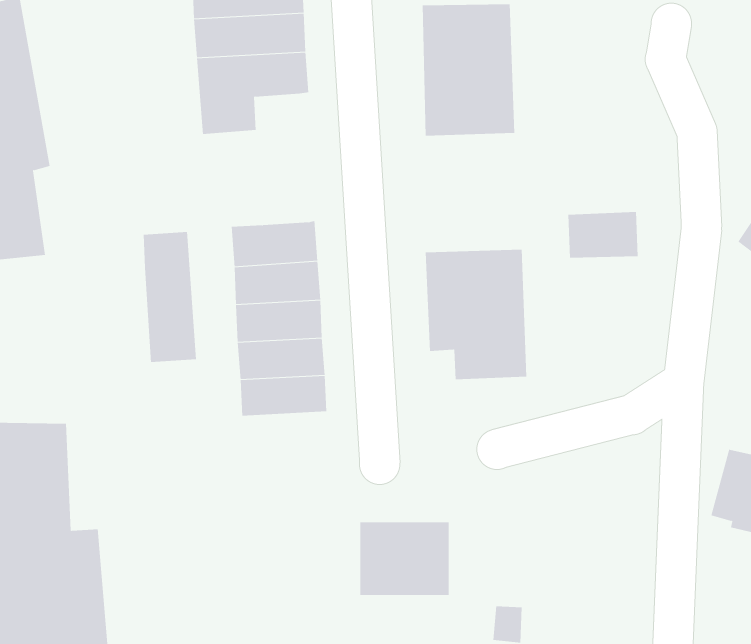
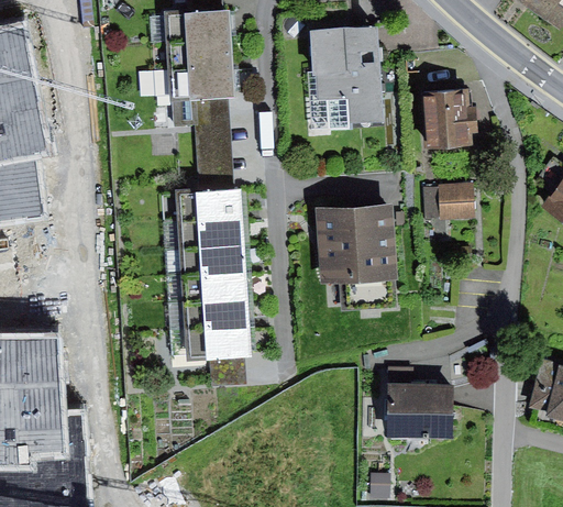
building: none -> [420,89,478,146]
building: [143,232,197,362] -> [195,95,234,190]
building: none -> [185,327,249,361]
building: [359,522,450,596] -> [387,384,453,438]

